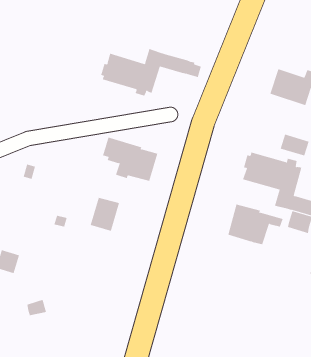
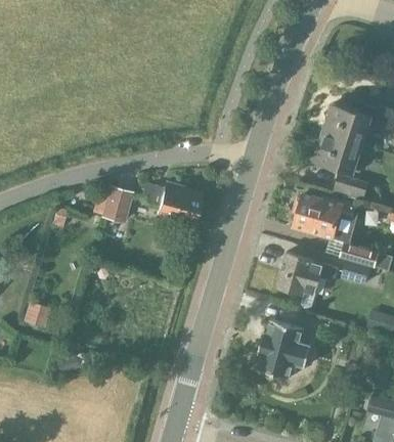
building: [100,48,202,96] -> none
building: none -> [313,131,362,172]
building: [90,197,120,232] -> [100,185,133,223]
building: none -> [258,320,311,378]

